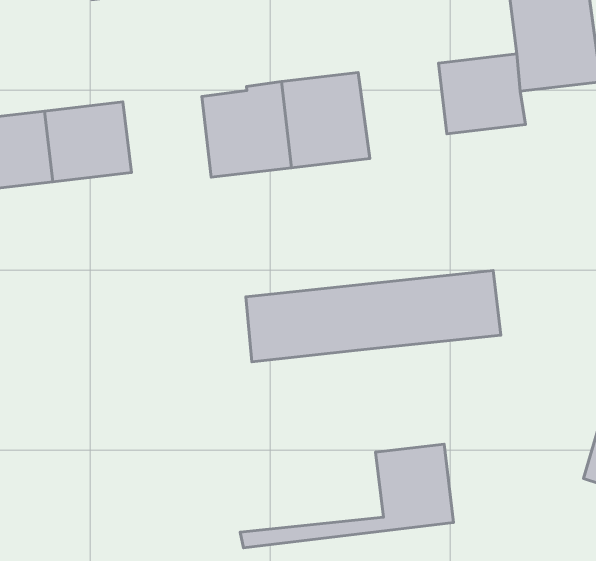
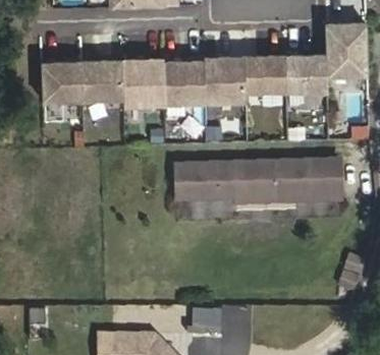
building: none -> [242,56,285,102]
building: none -> [120,60,162,105]
building: [240,444,453,548] -> [229,164,339,208]

